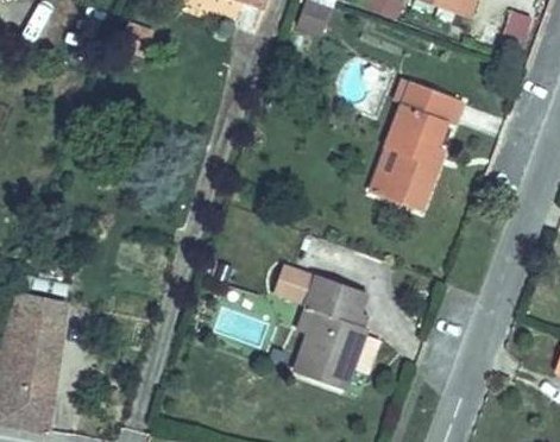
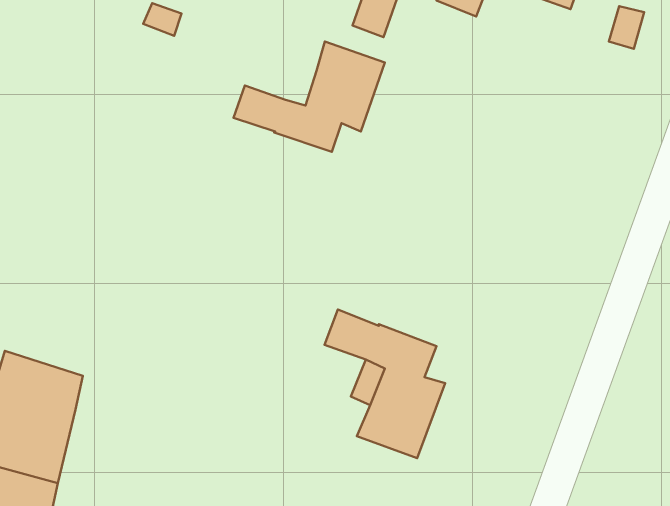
building: none -> [234,41,385,152]
building: [380,78,459,207] -> none

